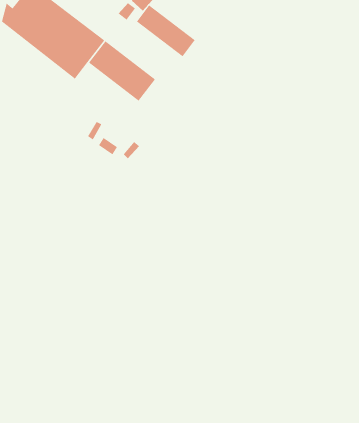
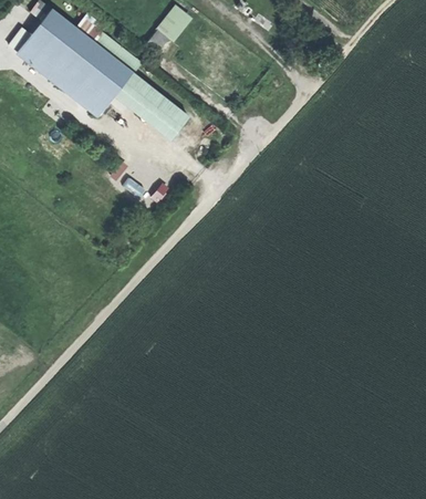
building: [136,5,195,57] -> none

